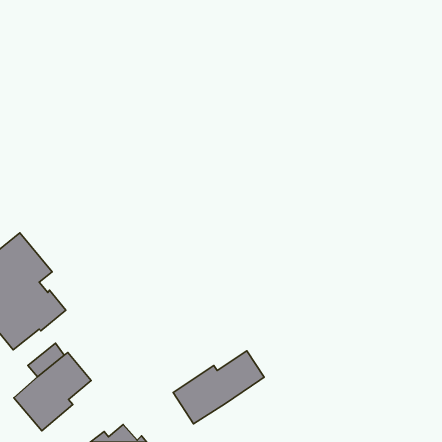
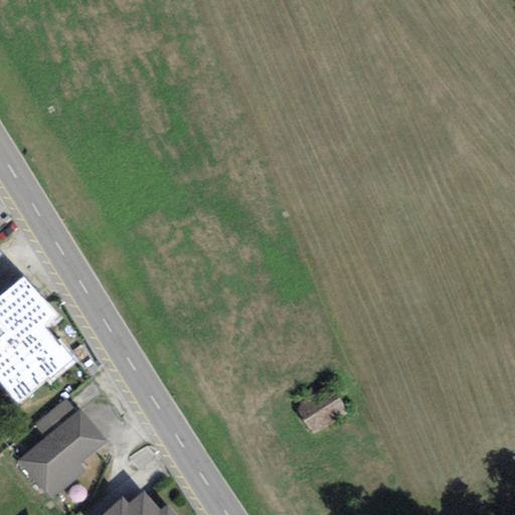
building: none -> [299,393,345,436]
building: [173,351,264,424] -> none

